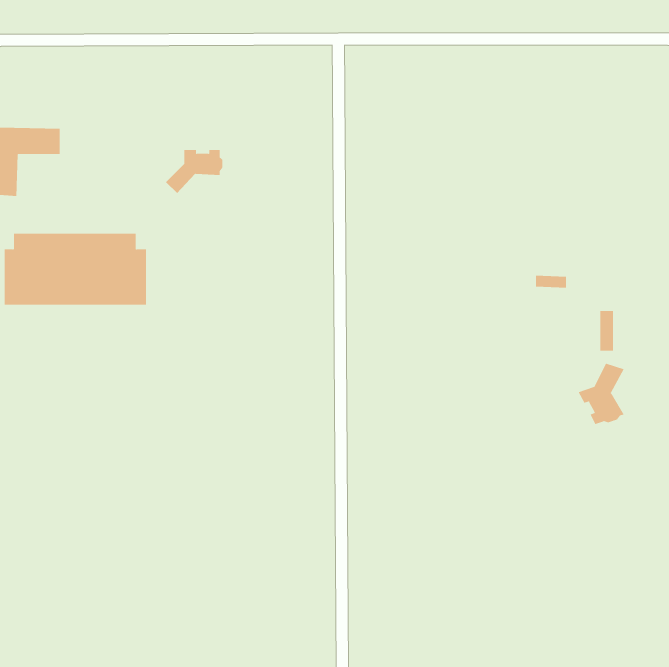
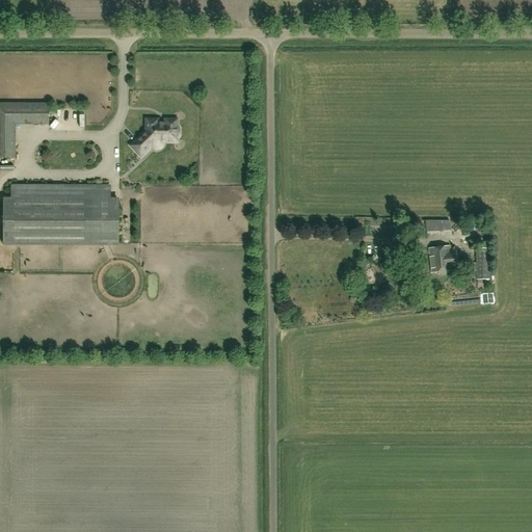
building: none -> [428,245,457,272]
building: [578,363,625,425] -> none

